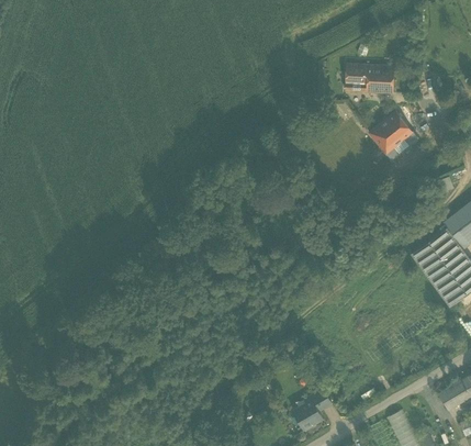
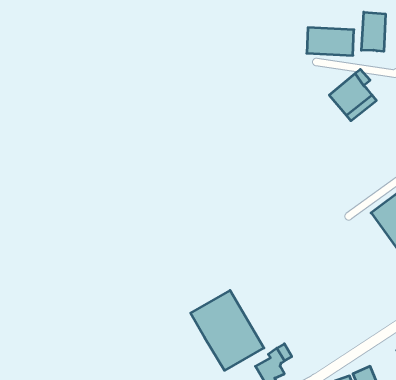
building: none -> [361,12,385,51]
building: none -> [191,290,264,370]

